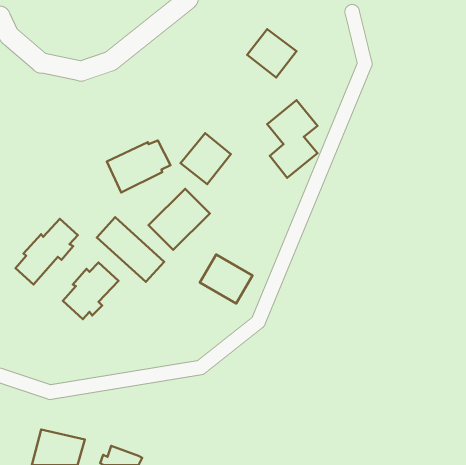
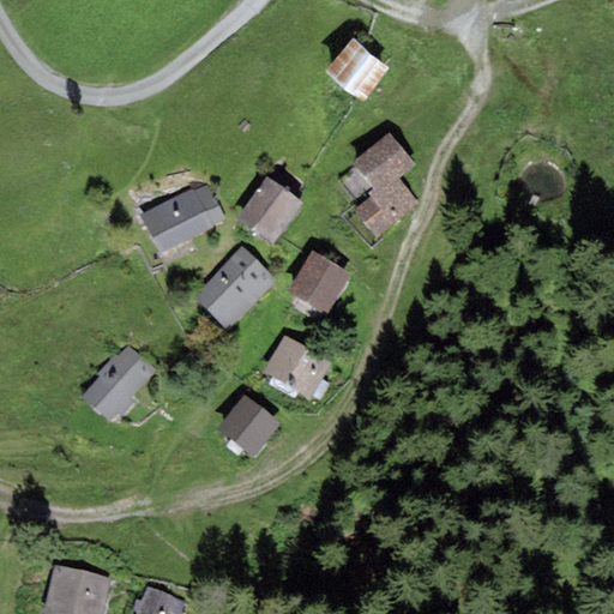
building: none -> [288,249,350,313]
building: [97,217,164,282] -> none
building: [16,219,78,285] -> none
building: none -> [217,396,279,456]

